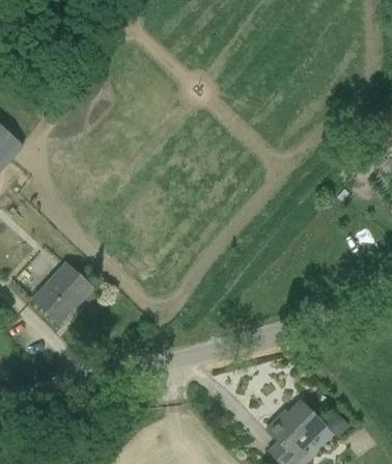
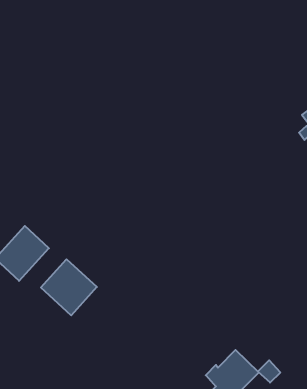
building: none -> [41,259,97,315]

